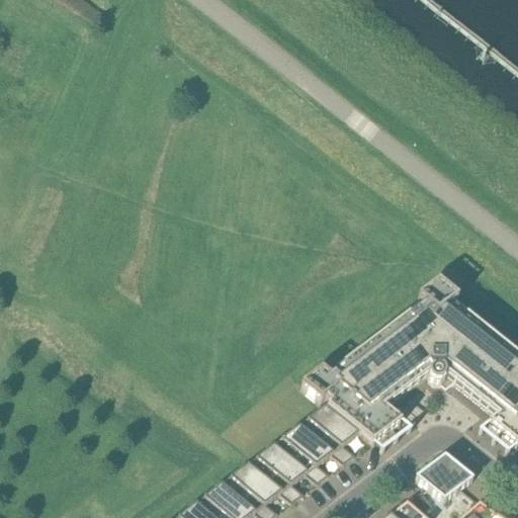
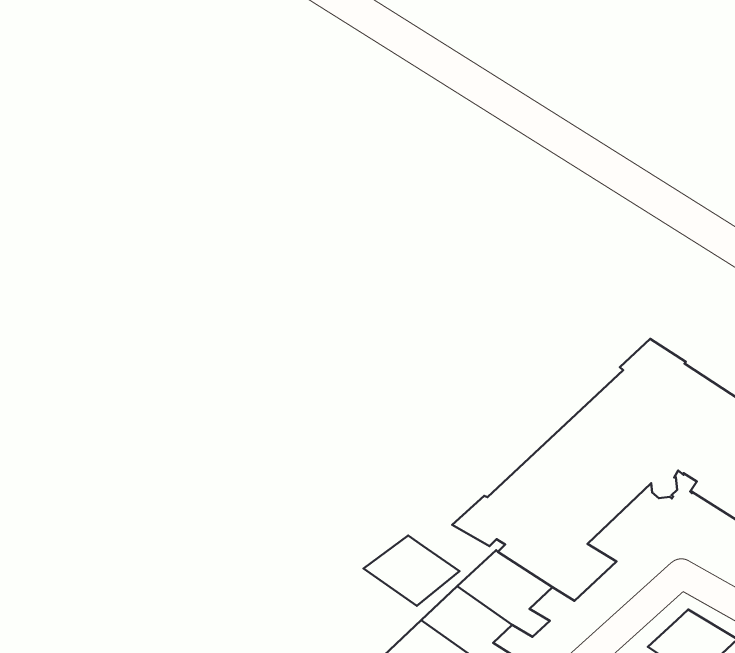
building: none -> [364,535,460,606]

